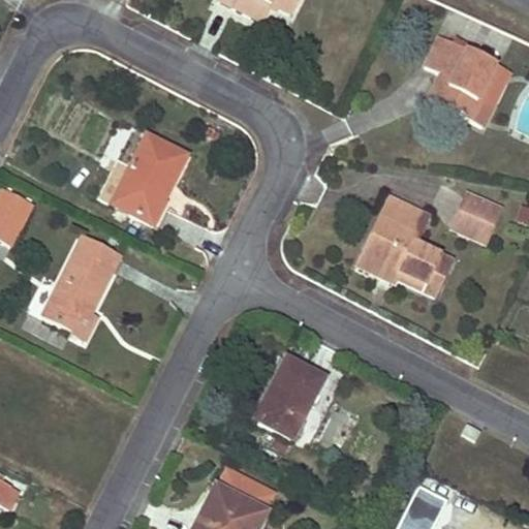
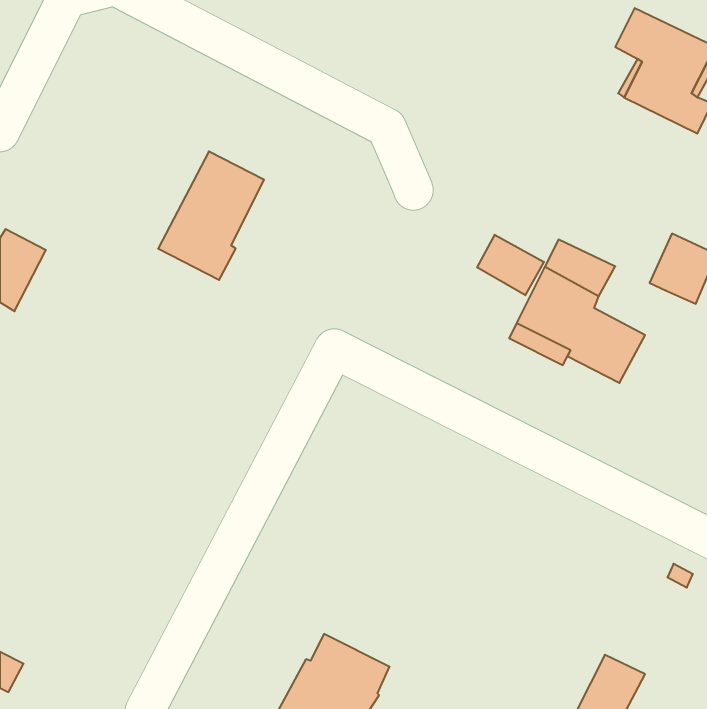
building: none -> [477,235,544,295]
building: [42,235,121,338] -> none
building: [255,360,322,437] -> none

